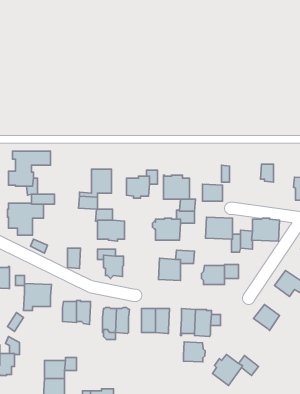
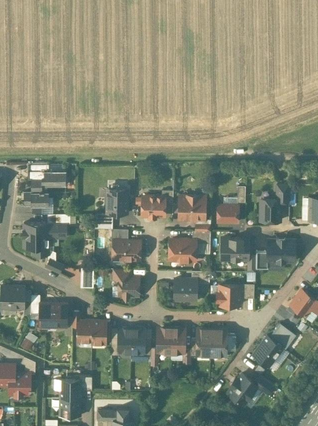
building: none -> [260,200,280,221]
building: none -> [252,337,283,368]
building: [183,342,205,362] -> none

